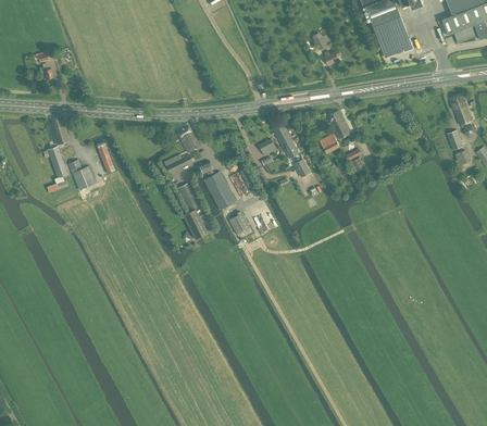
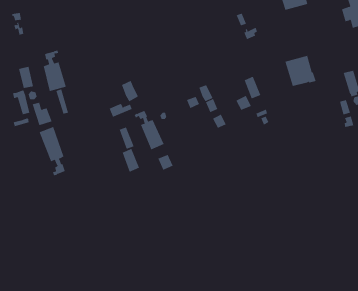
building: [372,16,413,57] -> [284,55,316,87]
building: none -> [43,50,67,92]
building: none -> [39,126,65,176]

